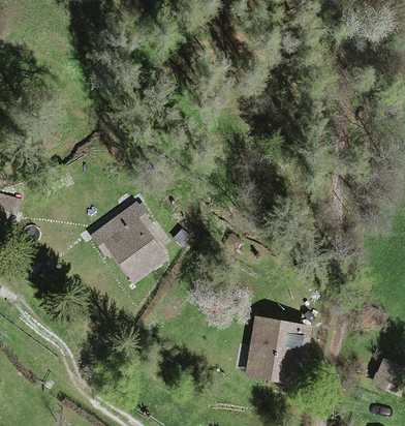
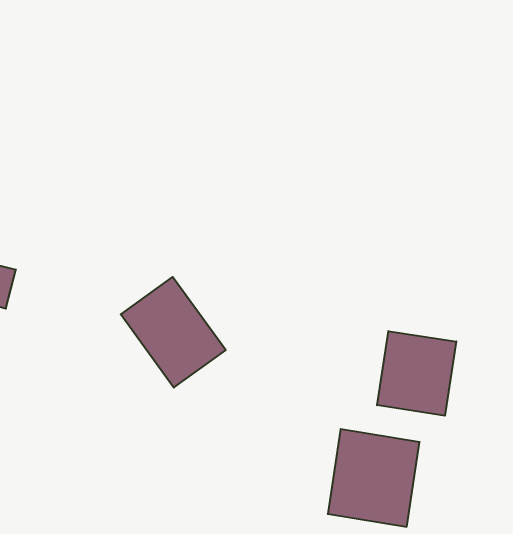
building: none -> [377,331,456,416]

